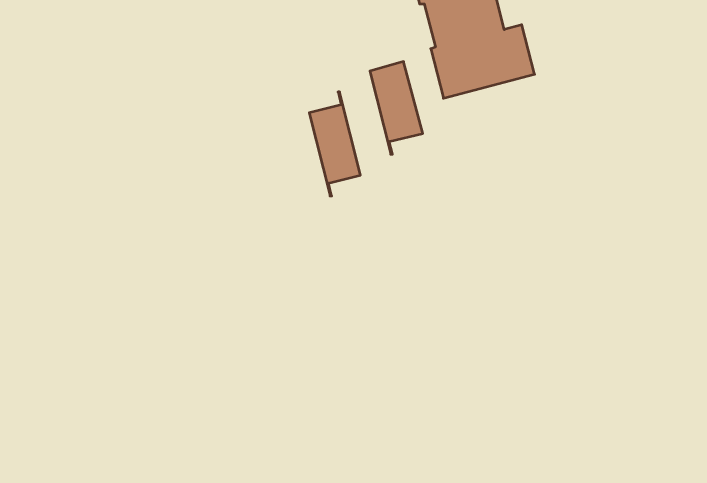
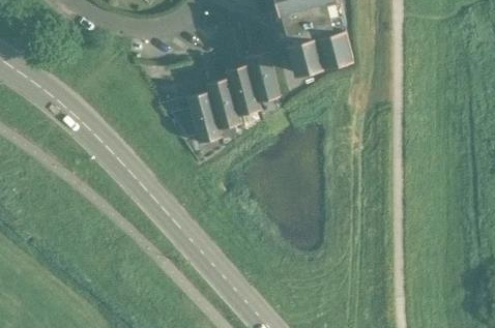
building: none -> [225,55,258,122]
building: none -> [184,82,219,142]

